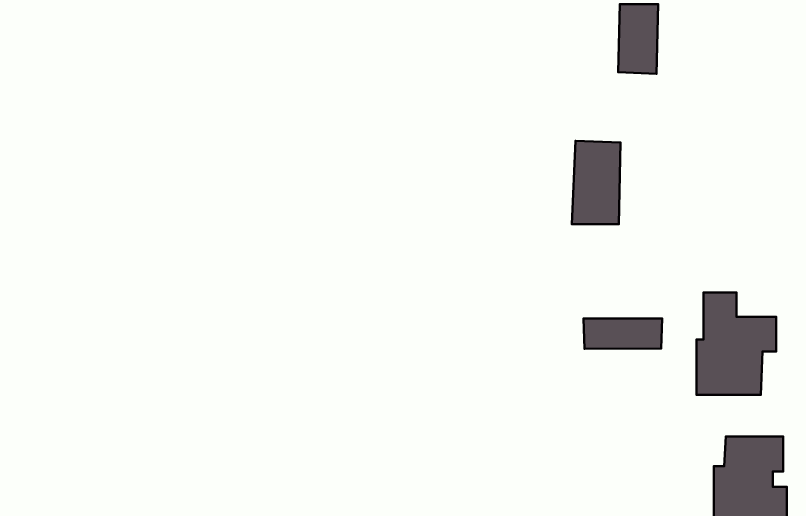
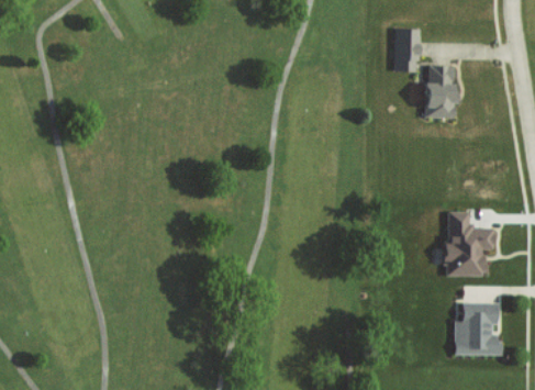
building: [572,141,621,224] -> [425,65,456,118]
building: [584,319,662,349] -> none

